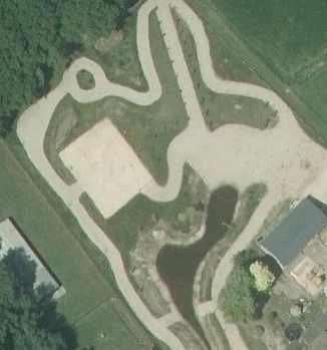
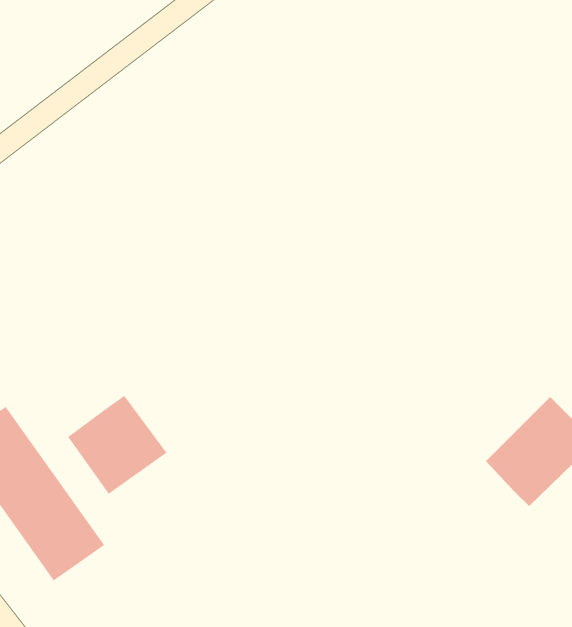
building: none -> [67,395,167,495]

